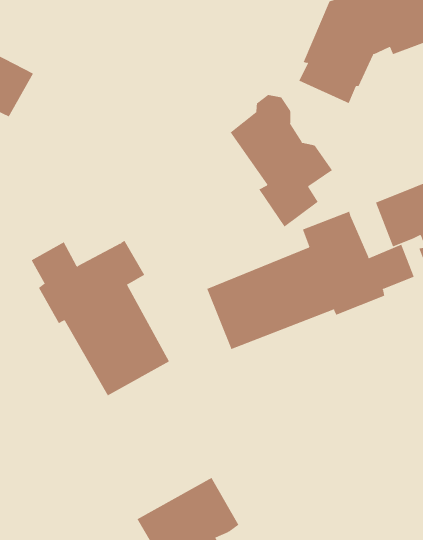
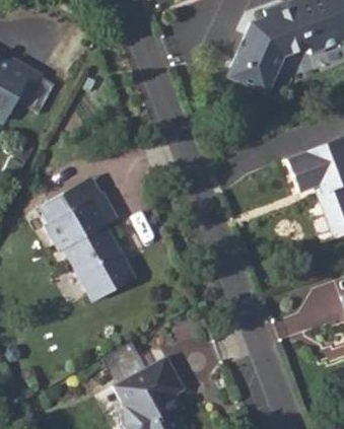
building: [230,94,333,227] -> none
building: [207,211,415,350] -> none

